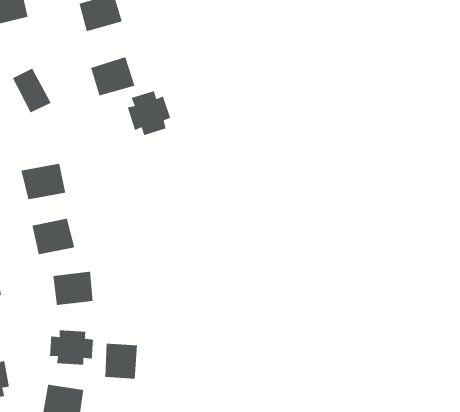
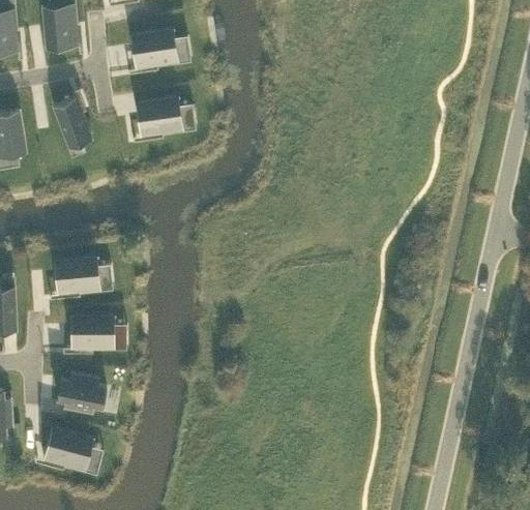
building: [127,90,171,136] -> none
building: [21,163,66,200] -> none
building: [104,343,138,380] -> none

